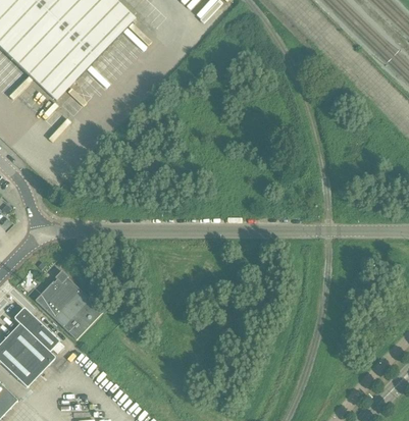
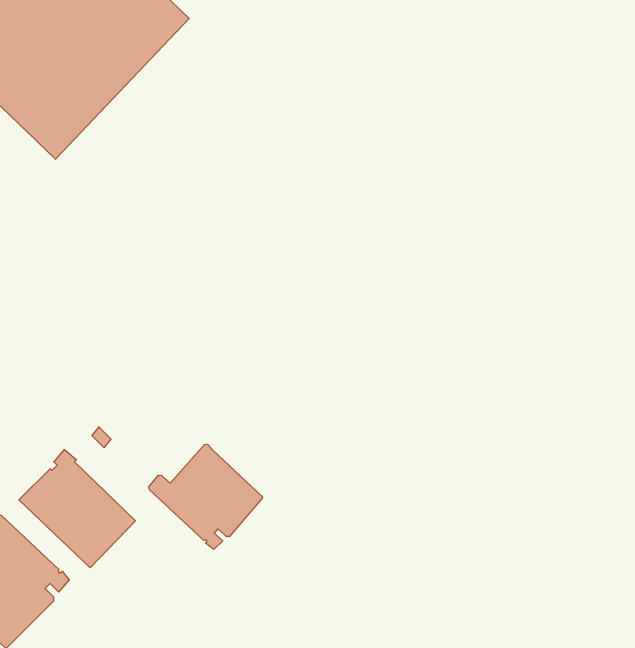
building: none -> [149,444,262,549]

